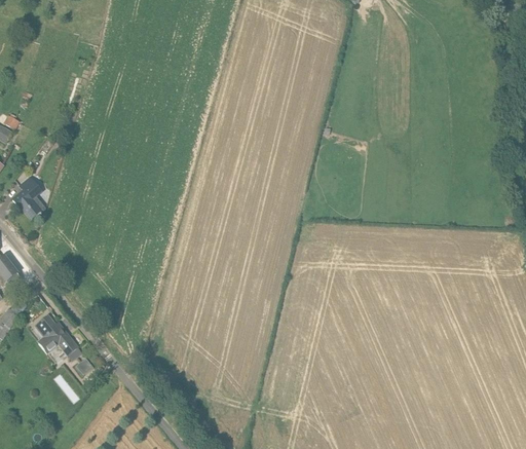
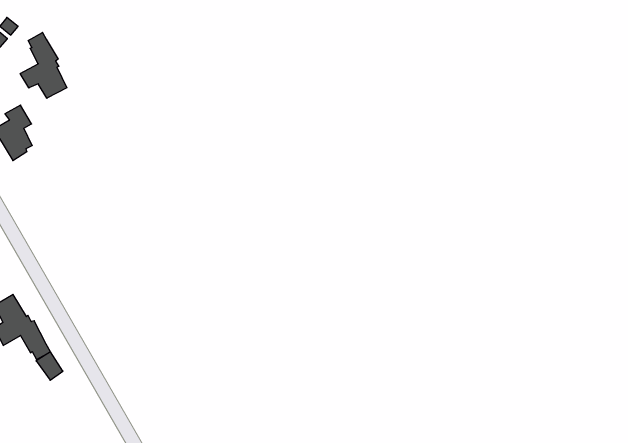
building: none -> [20,32,67,98]

